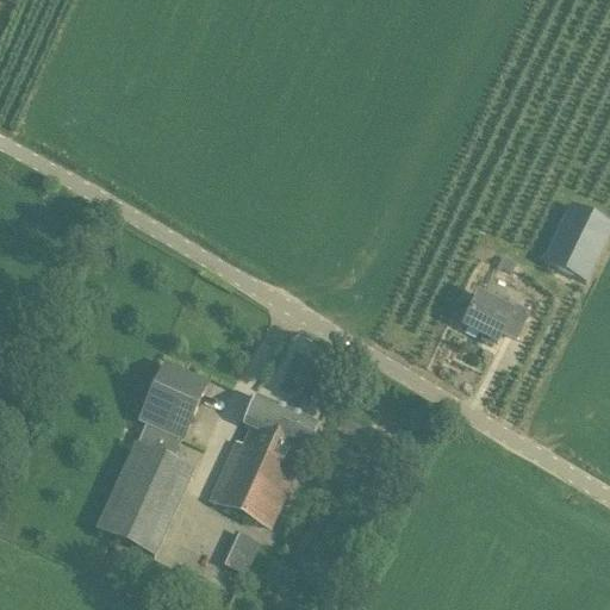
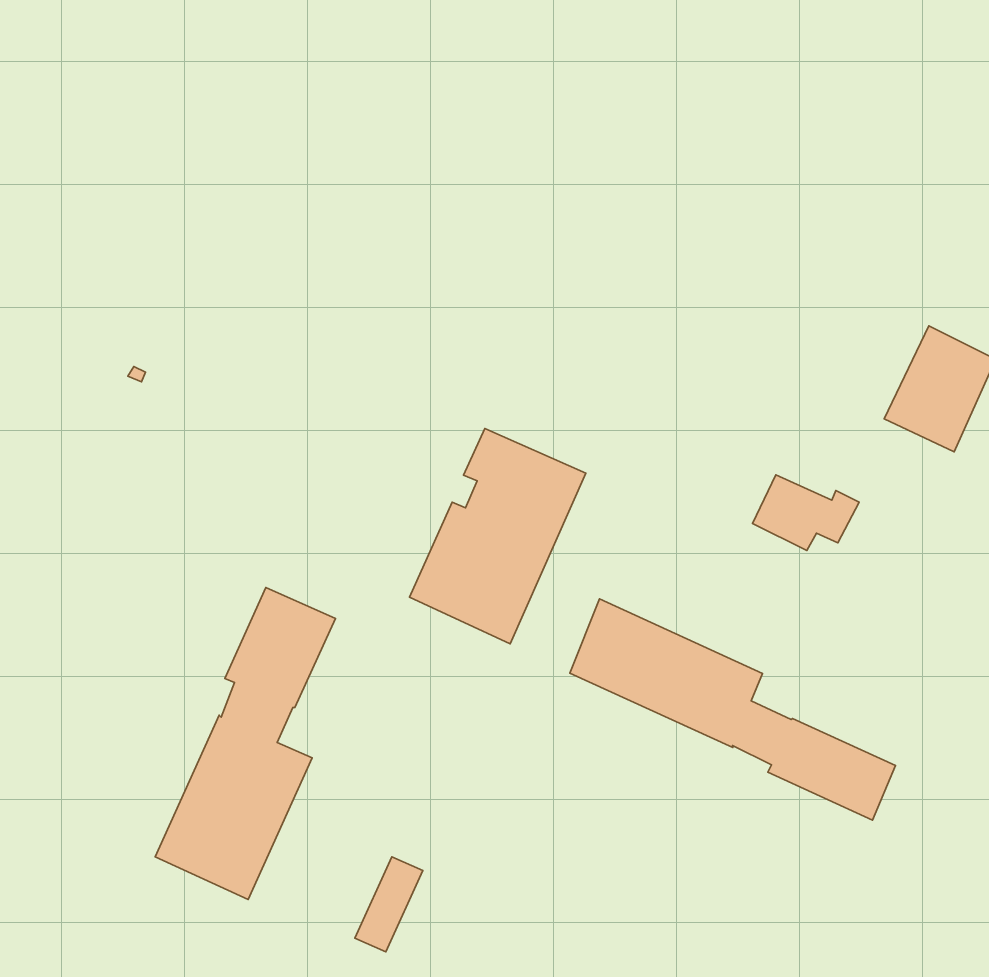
building: none -> [570,599,895,820]
building: [210,392,318,524] -> [409,429,586,644]

